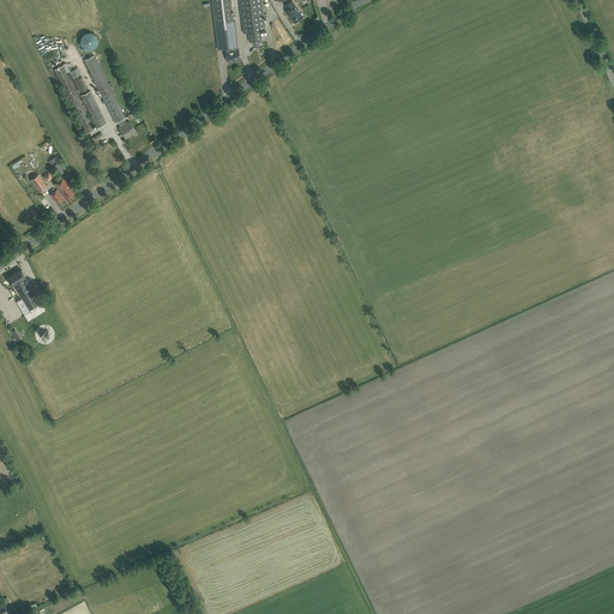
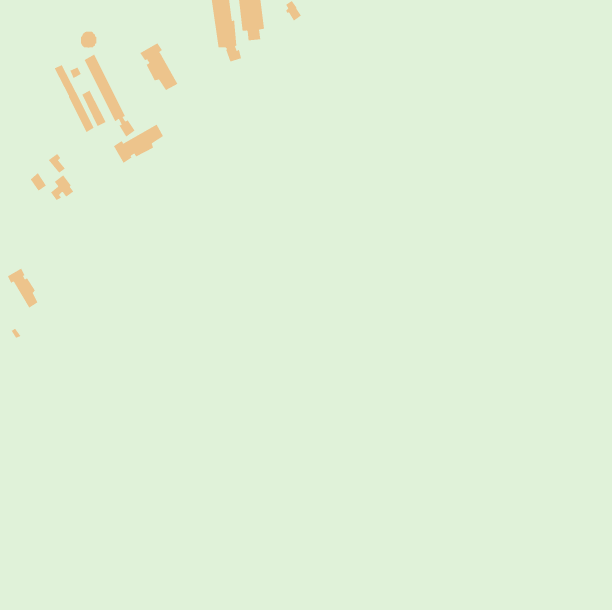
building: none -> [140,42,178,91]
building: none -> [113,124,164,164]

